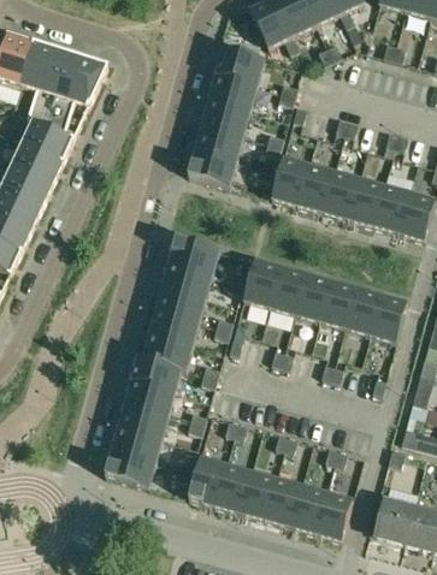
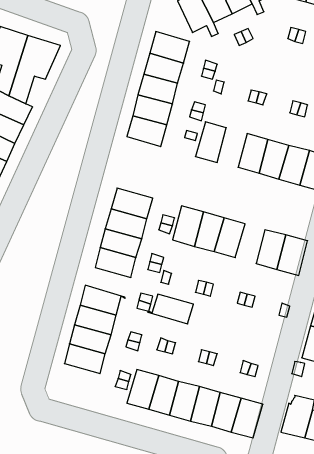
building: [297,162,333,211] -> none
building: [319,279,355,327] -> none
building: [137,332,193,368] -> [148,294,193,324]
building: [105,449,155,486] -> none

